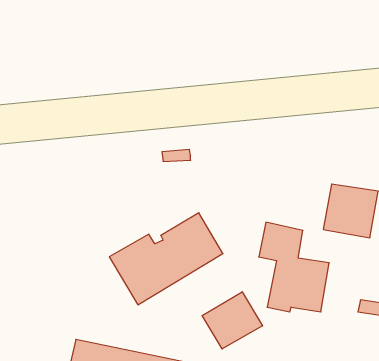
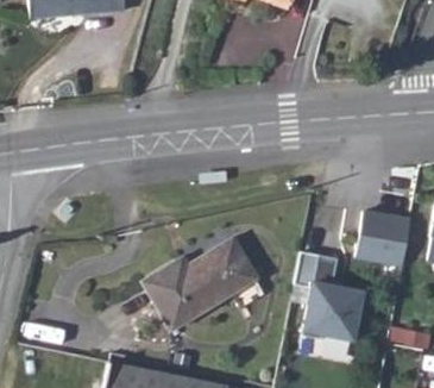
building: [202,292,263,349] -> none

